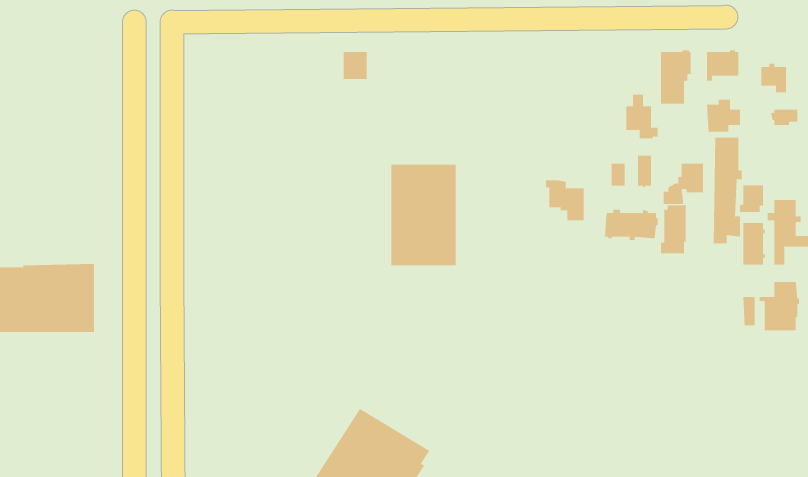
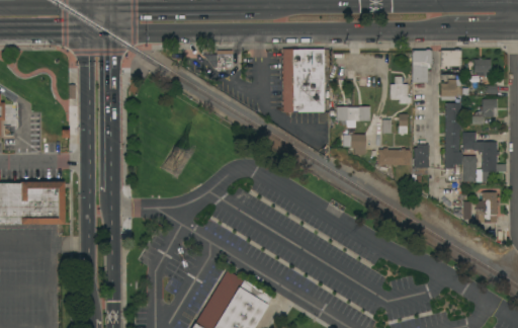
building: none -> [336,107,369,128]
building: [663,163,704,204] -> [470,99,496,125]
building: [391,164,456,266] -> [282,50,323,112]

